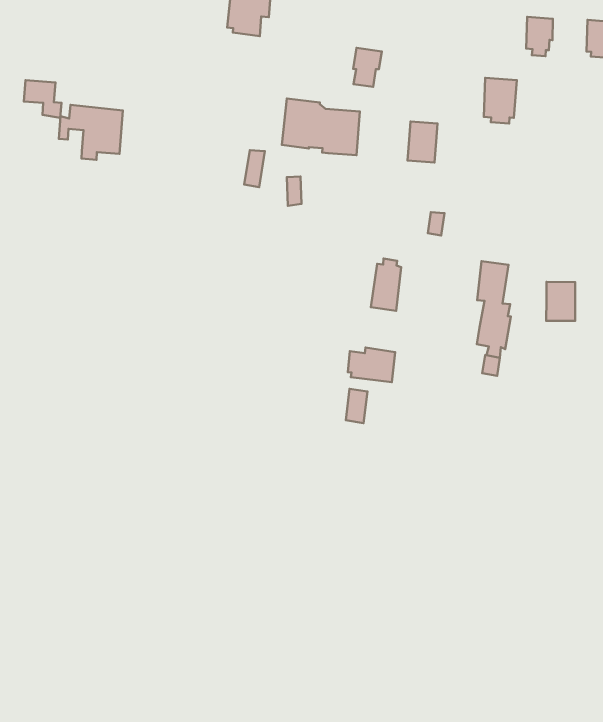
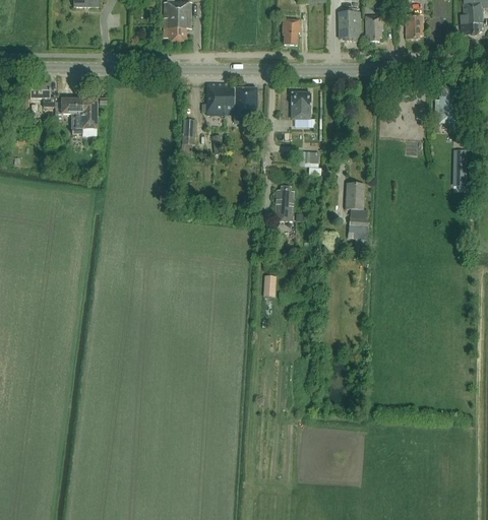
building: [353,48,382,87] -> [283,19,301,45]
building: [484,78,517,123] -> [339,11,360,41]
building: [546,282,575,321] -> none
building: [348,348,395,382] -> none

